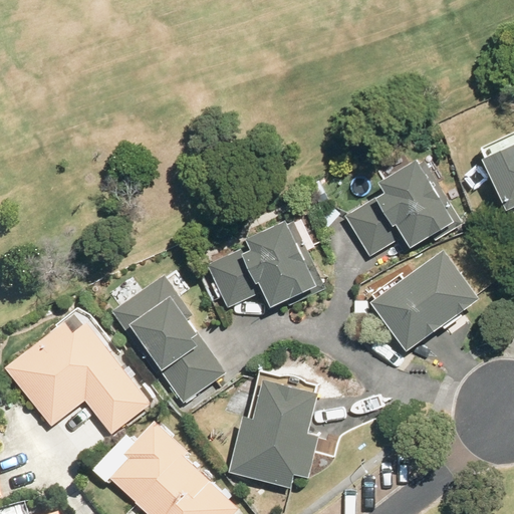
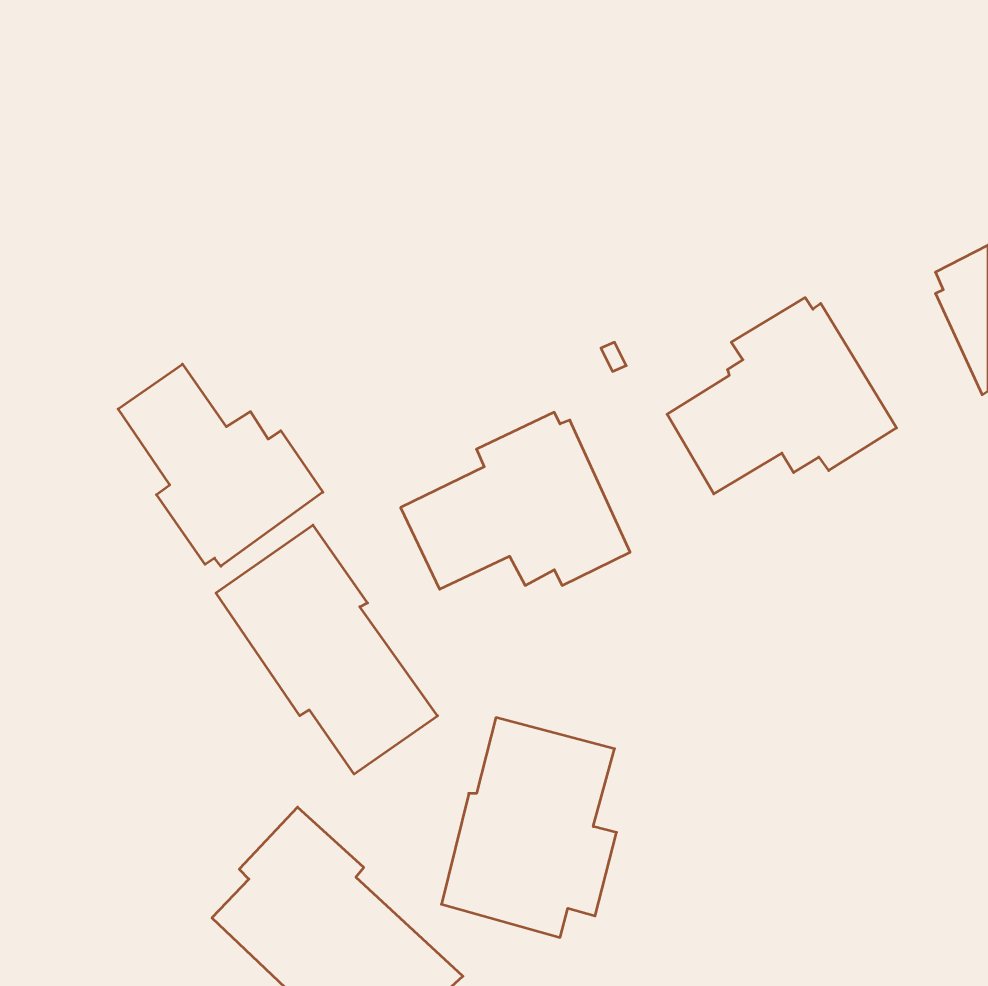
building: none -> [118,364,323,566]
building: [371,248,480,350] -> none
building: [5,320,152,435] -> none

